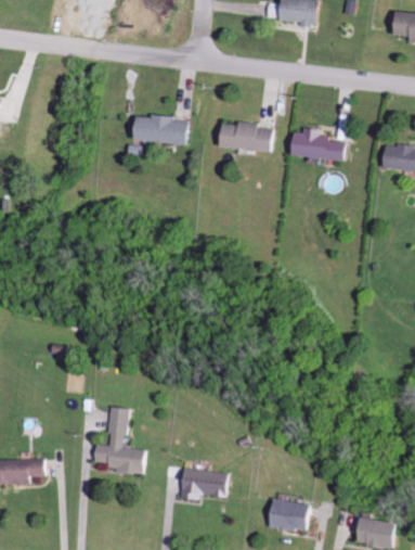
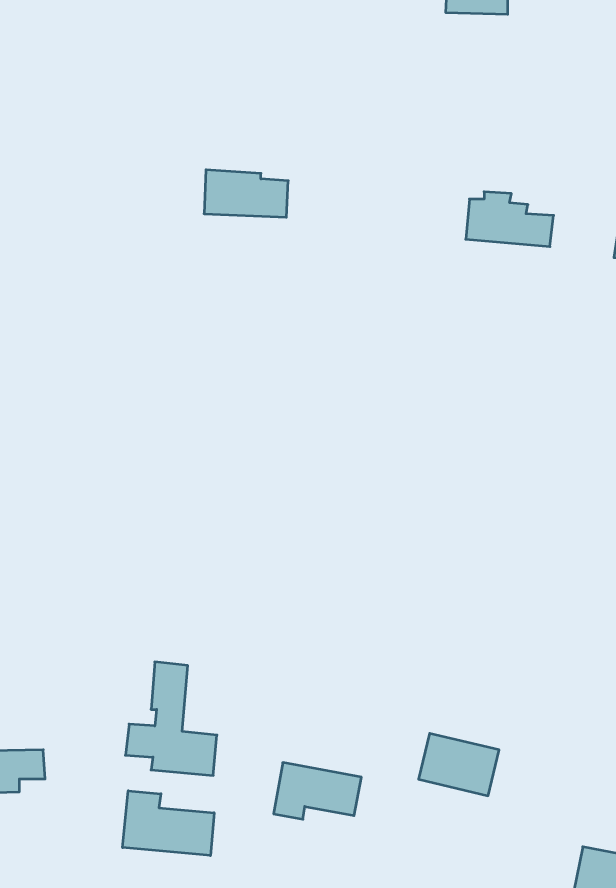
building: [220,121,273,153] -> none
building: none -> [123,791,214,856]
building: [267,497,314,534] -> [419,733,499,796]

